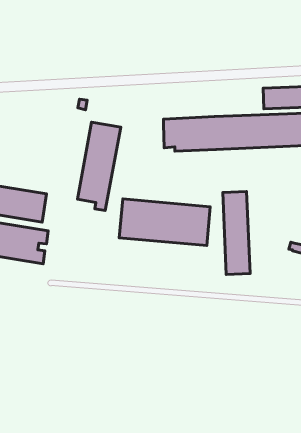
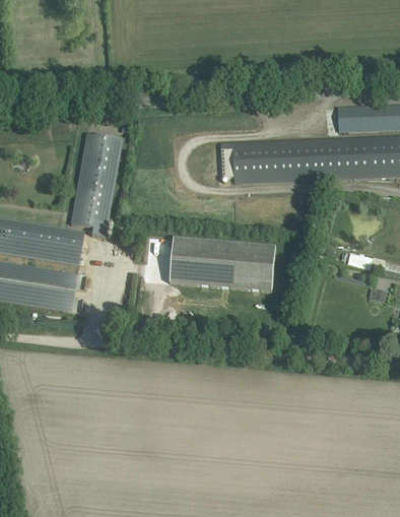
building: [77,122,121,210] -> [70,133,121,237]
building: [223,191,250,275] -> none

